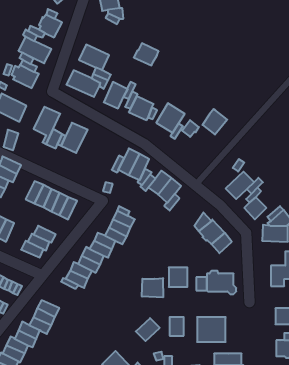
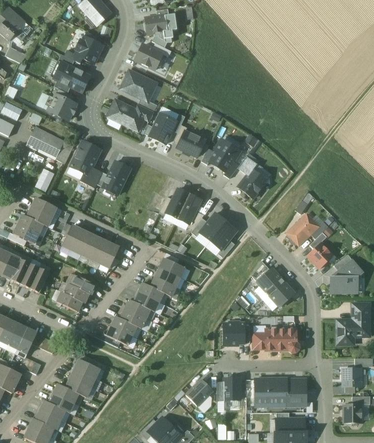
building: [134,43,159,65] -> [134,44,162,69]
building: [202,109,227,135] -> [238,169,266,198]
building: [142,278,163,297] -> none
building: none -> [286,378,306,406]

